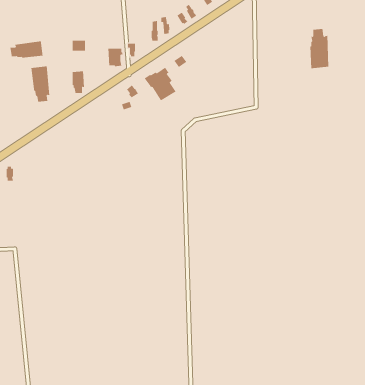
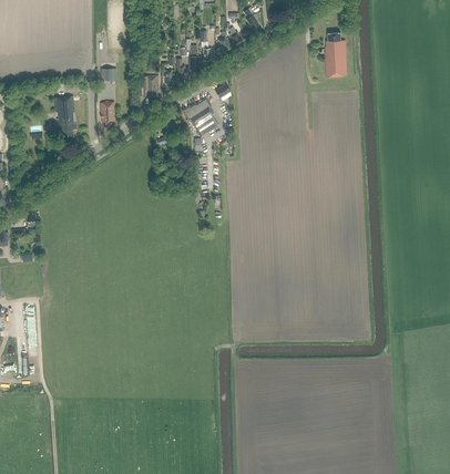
building: [309,28,329,69] -> [324,31,346,76]
building: [10,41,43,58] -> none

